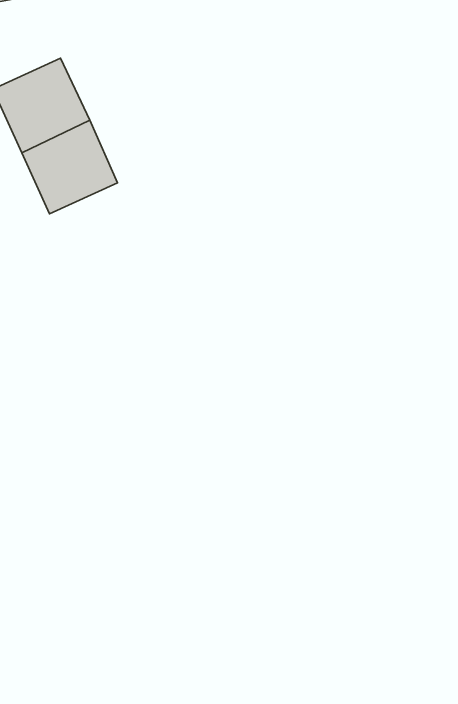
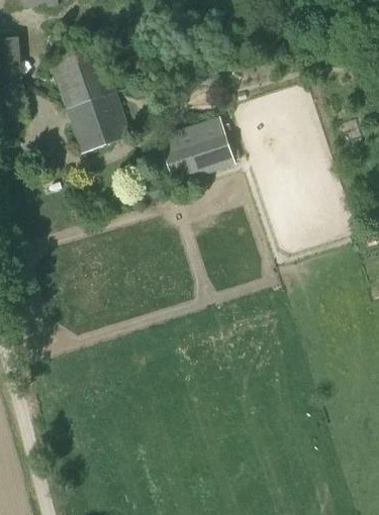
building: none -> [155,119,232,180]

